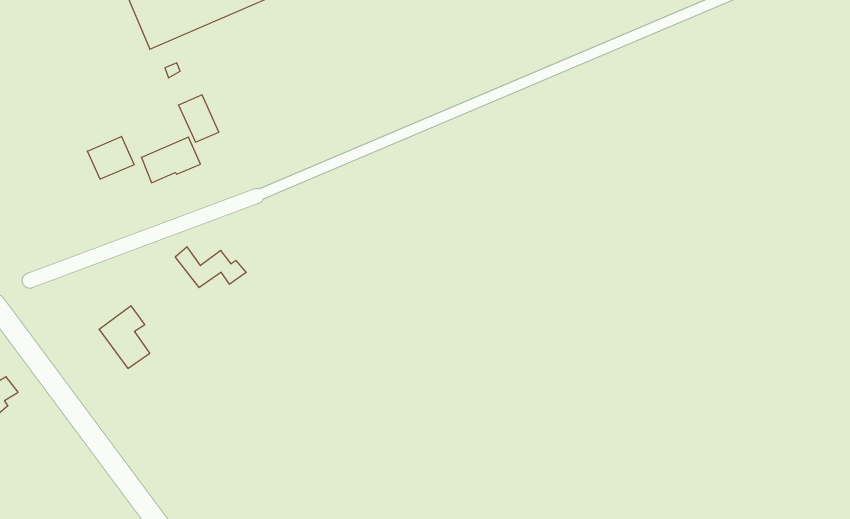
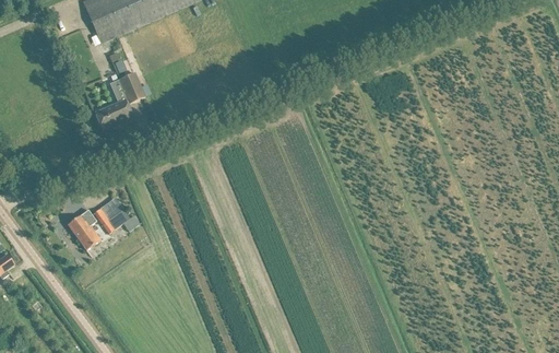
building: [87,136,134,179] -> none
building: [175,247,246,288] -> [94,205,140,232]

